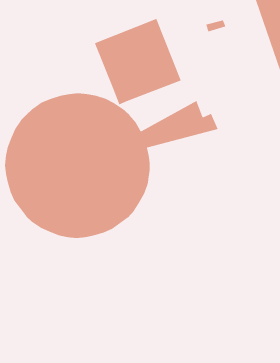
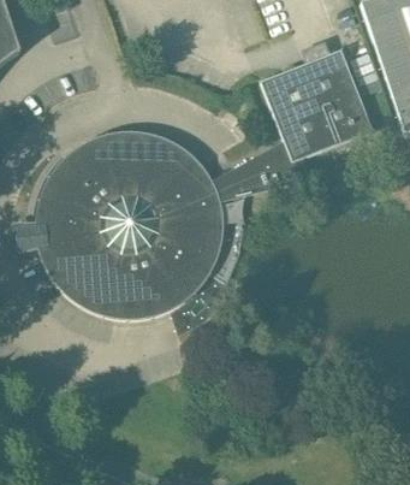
building: [94,18,182,106] -> [262,47,376,161]

